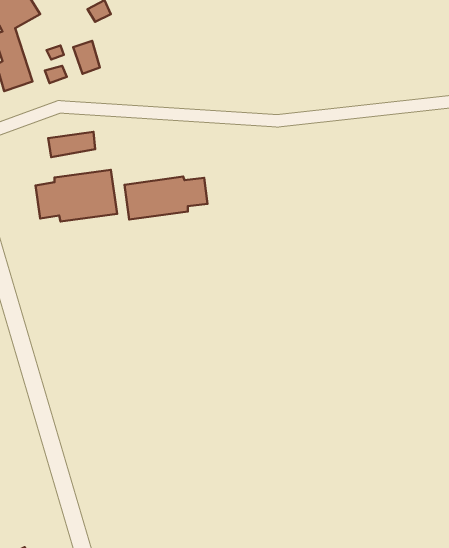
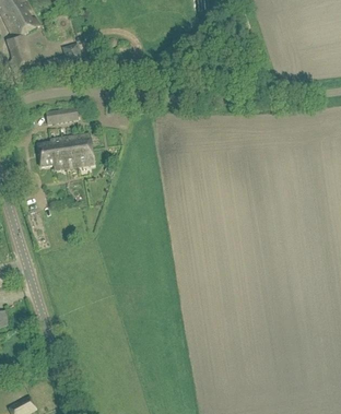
building: [125,177,208,220] -> none

